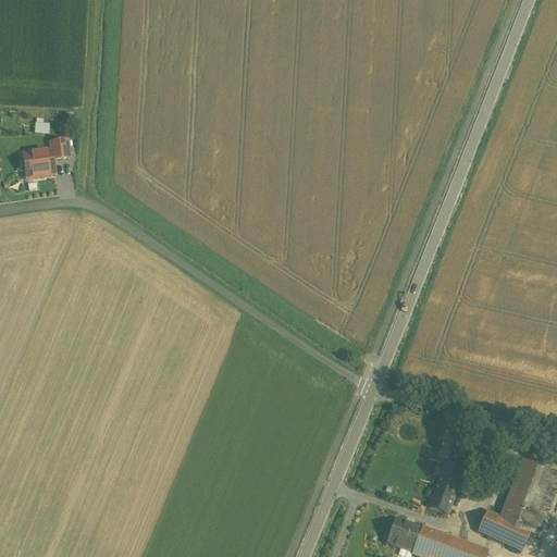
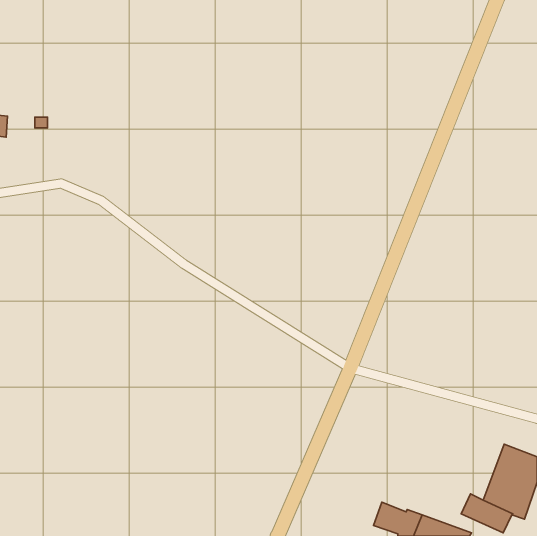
building: [21,138,66,176] -> none
building: [428,463,460,512] -> none

